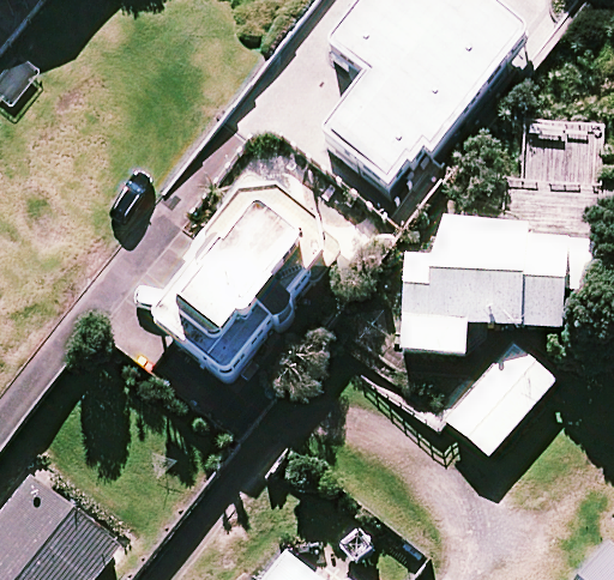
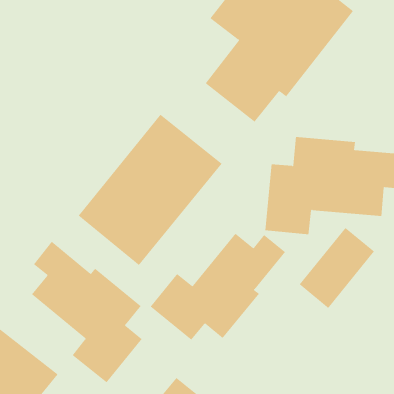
building: none -> [150,233,286,341]
building: none -> [31,241,142,383]

